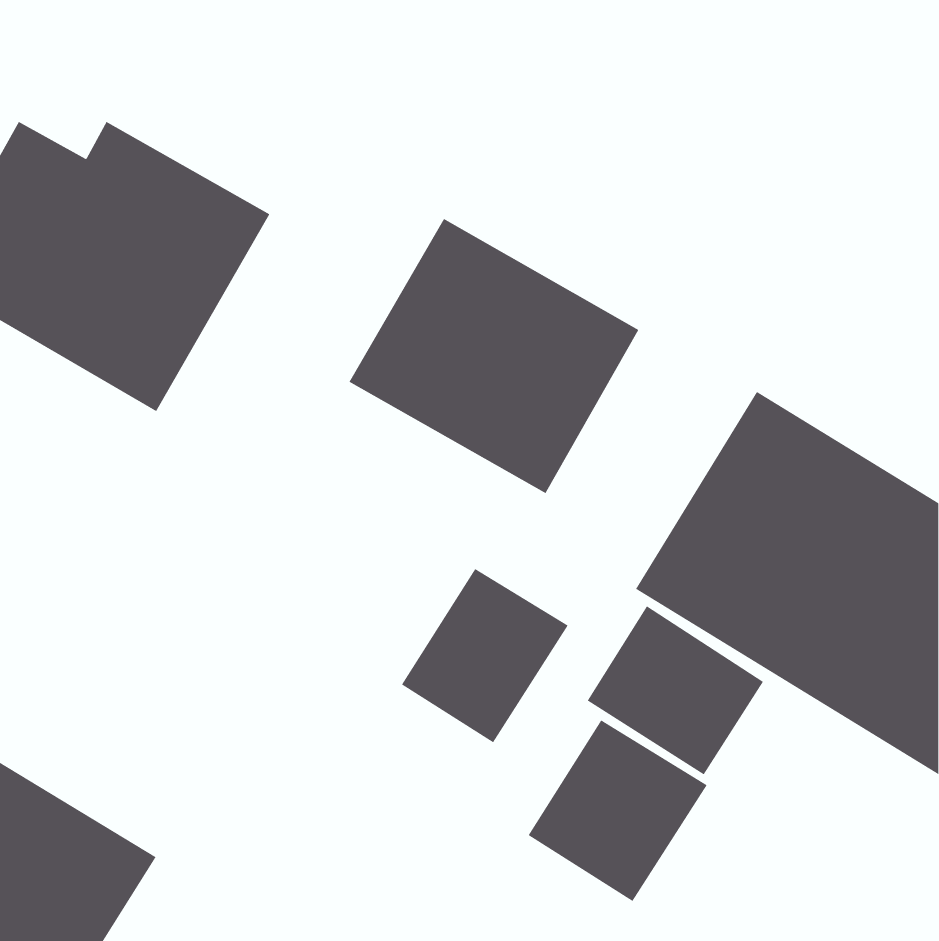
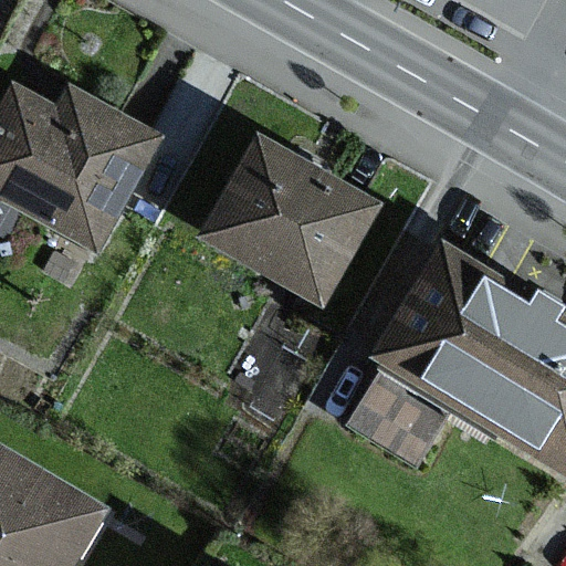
building: [401,568,569,743] -> none
building: [528,719,708,902] -> none

